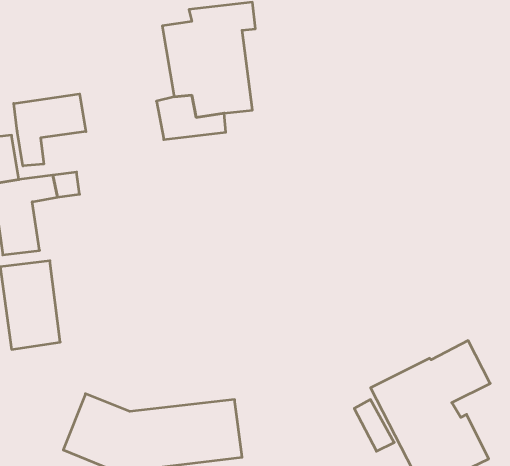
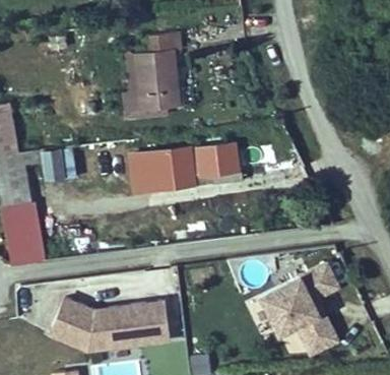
building: [14,94,86,166] -> none
building: none -> [136,136,254,186]

